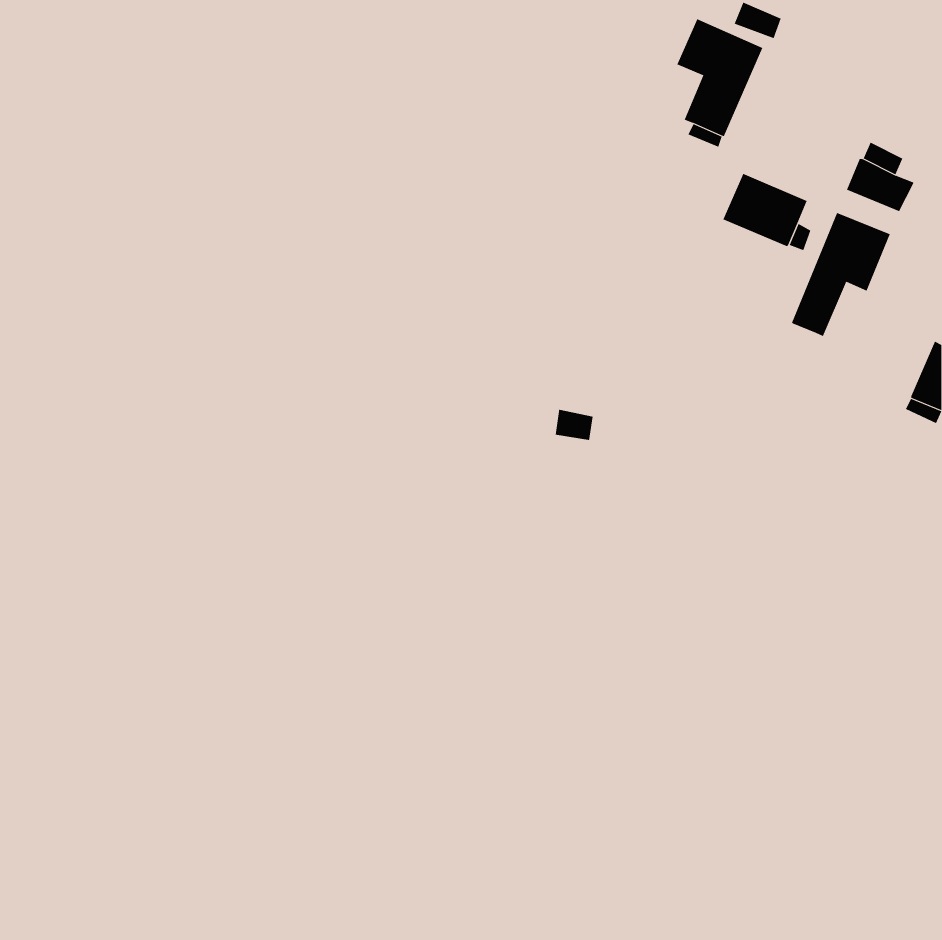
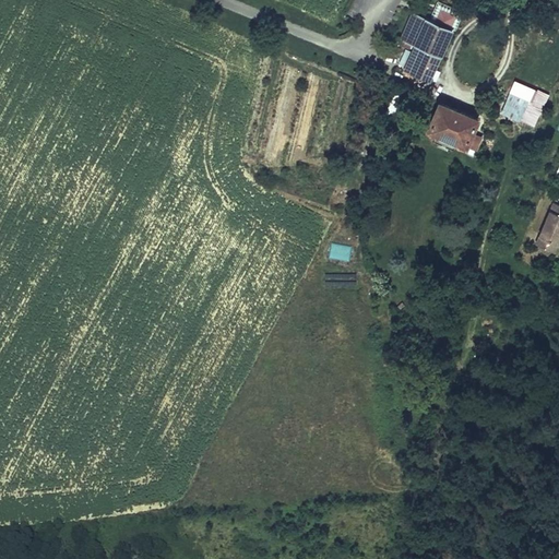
building: [791,212,891,337] -> none

